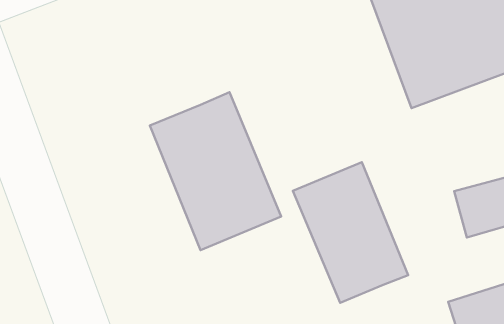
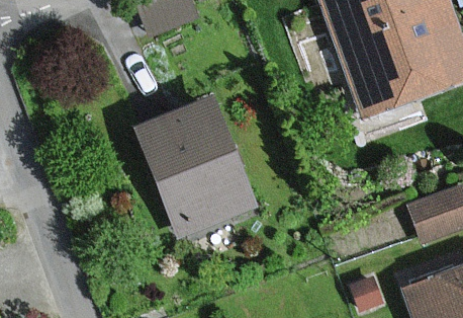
building: [293,162,408,303] -> none

